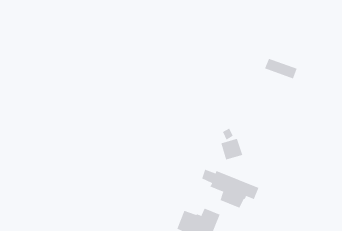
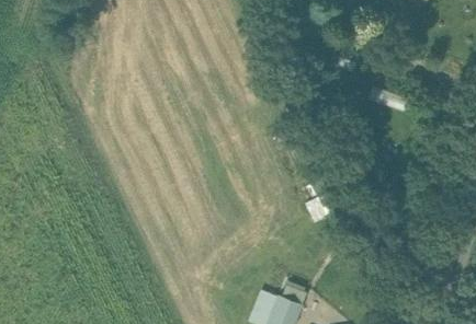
building: [201,169,259,209] -> none

